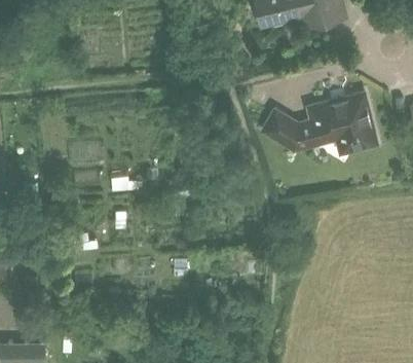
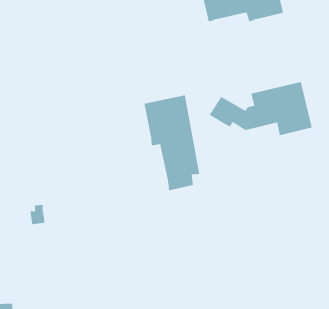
building: none -> [144,94,200,191]

